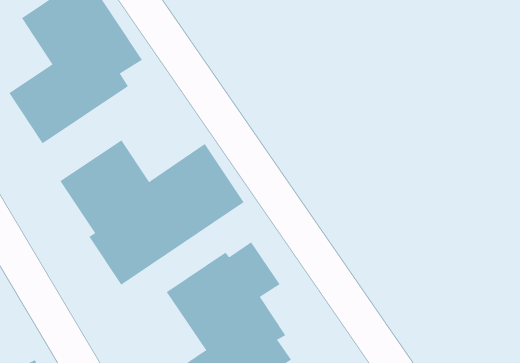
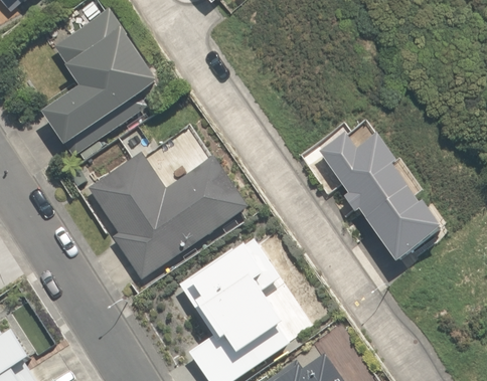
building: none -> [311,115,463,266]

